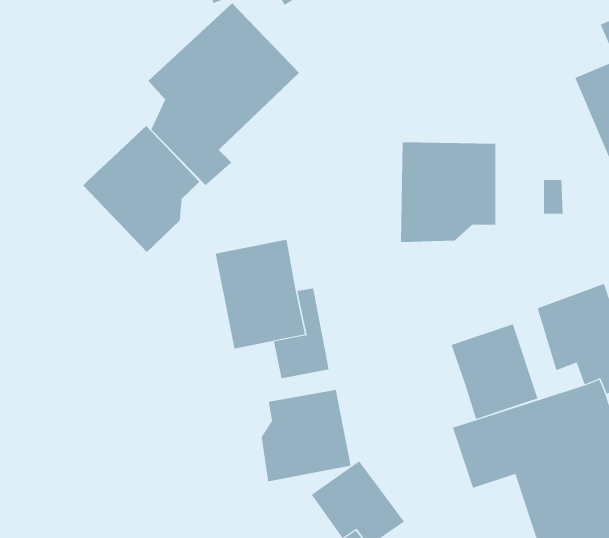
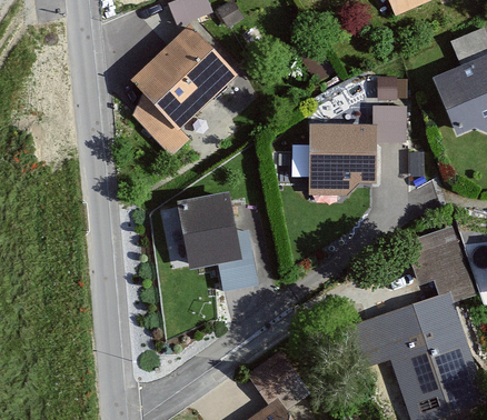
building: [82,125,200,253] -> none
building: [451,324,538,420] -> none
building: [261,389,351,482] -> none

